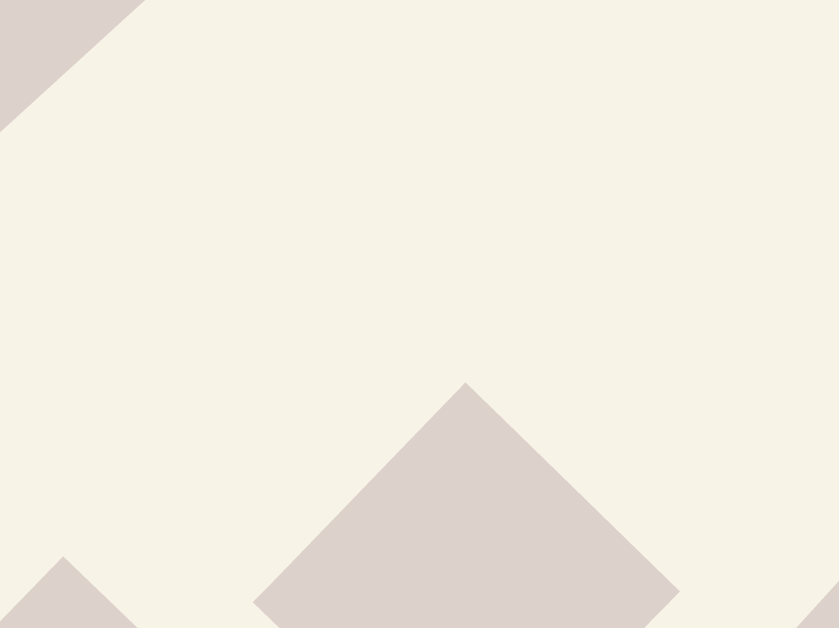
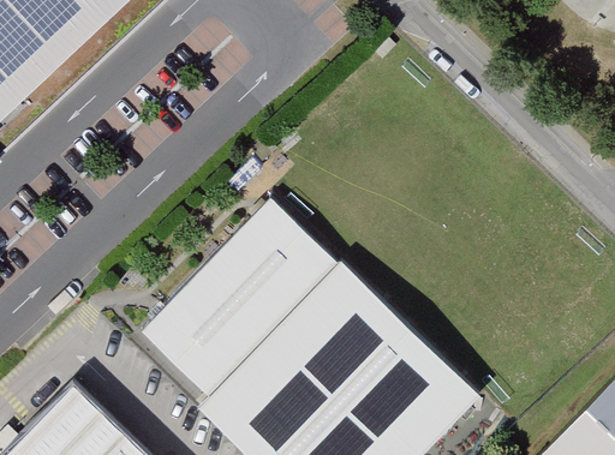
building: none -> [141,196,342,400]

